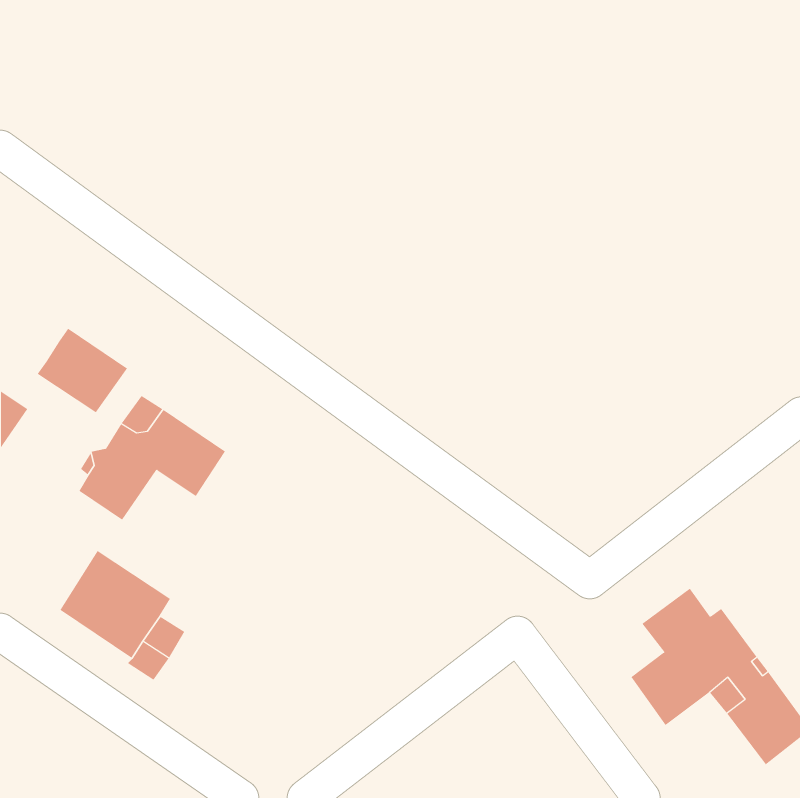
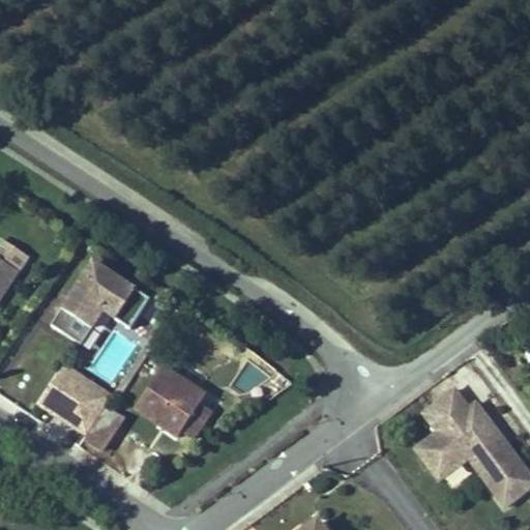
building: [37,328,128,413] -> none
building: none -> [138,367,211,438]

